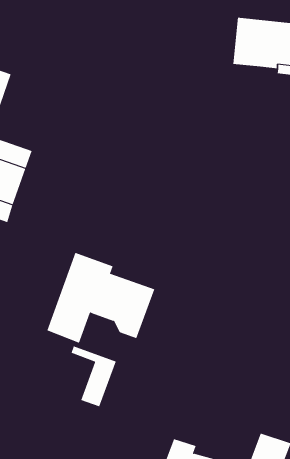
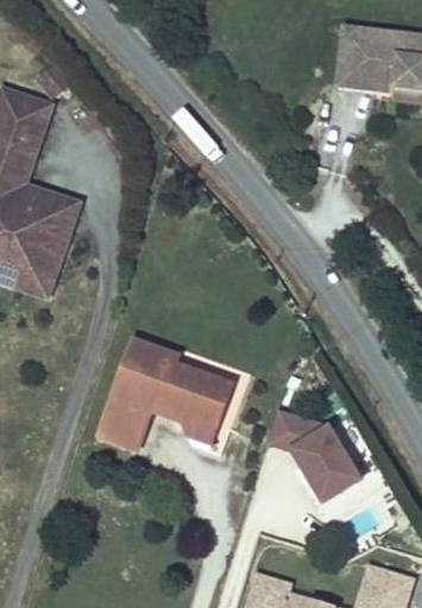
building: none -> [267,405,365,504]
building: [71,346,117,407] -> none

